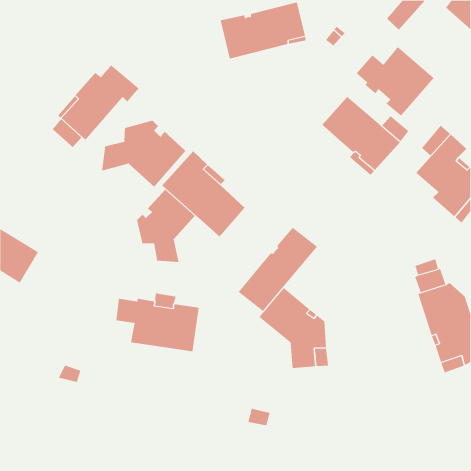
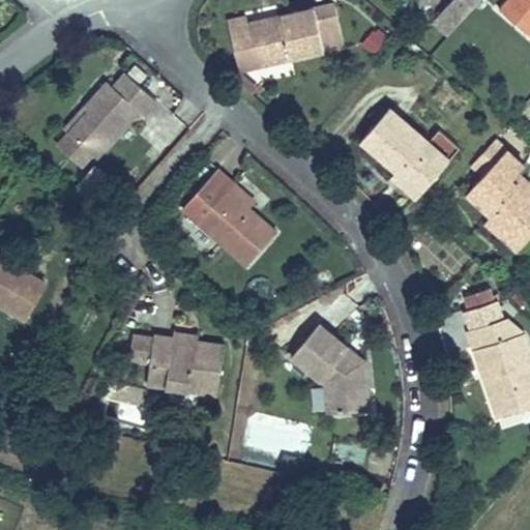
building: [356,46,434,117] -> none
building: [102,120,186,187] -> none
building: [137,189,196,263] -> none
building: [238,227,318,312] -> none

